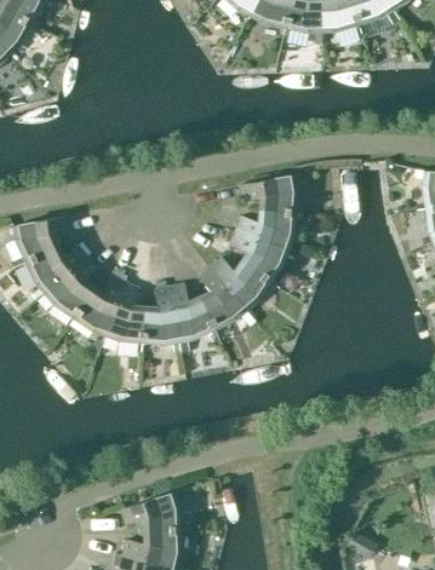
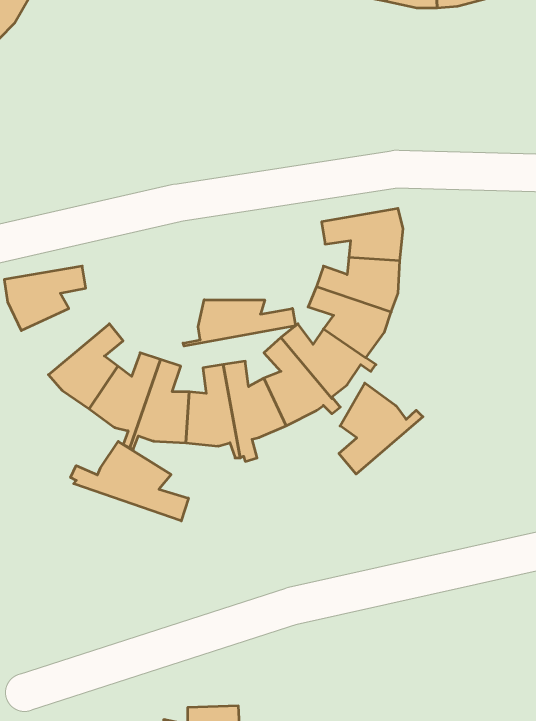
building: none -> [183,300,295,346]
building: [23,244,86,293] -> none
building: none -> [339,383,423,474]
building: none -> [71,441,188,521]
building: [119,491,178,530] -> none

